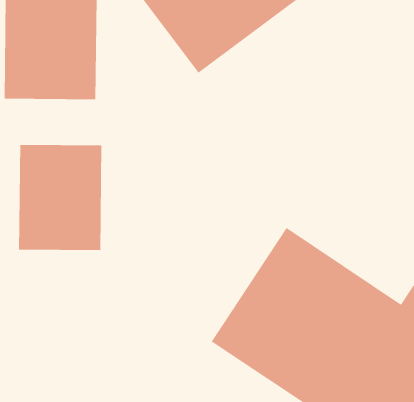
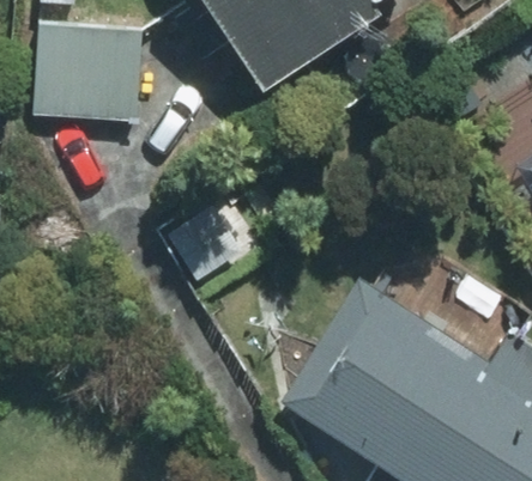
building: [19,144,102,251] -> none

